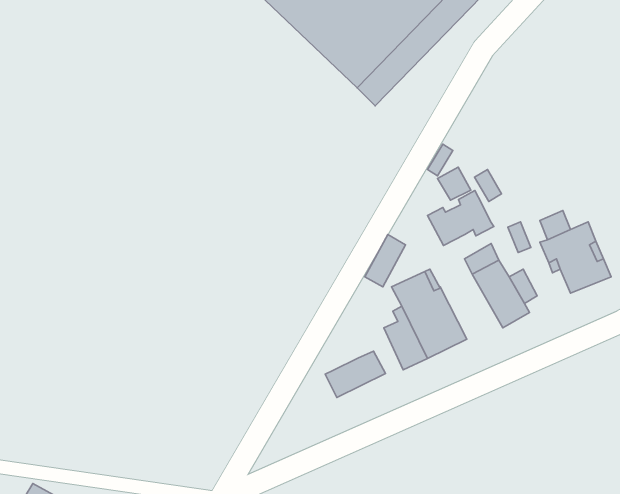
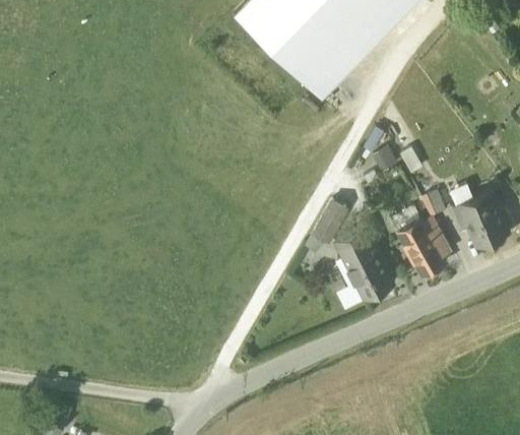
building: [427,191,494,245] -> none
building: [325,351,386,397] -> none

